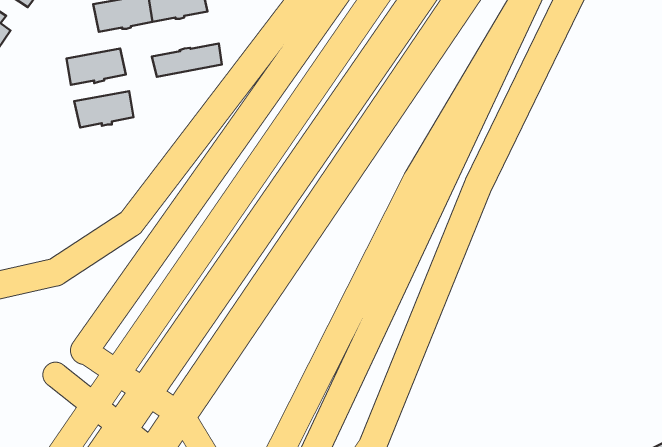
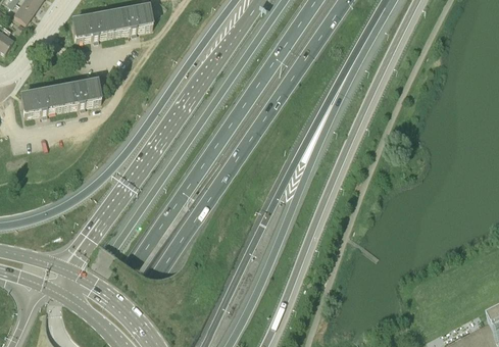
building: [152,44,222,77] -> none
building: [67,49,126,85] -> [21,85,63,110]

